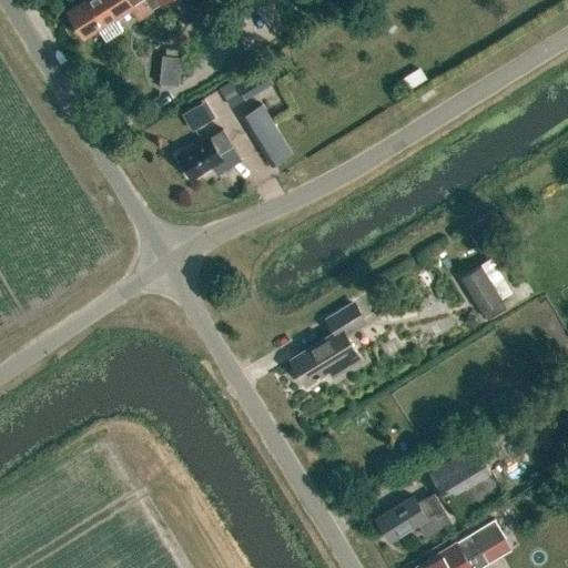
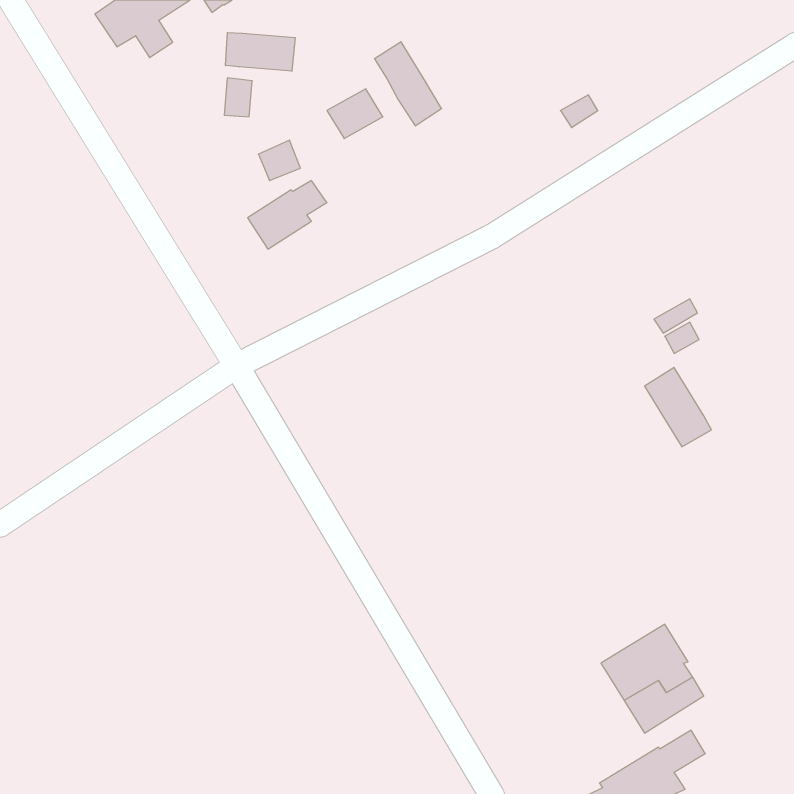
building: none -> [226,33,295,71]
building: [244,104,292,164] -> [375,42,442,126]
building: [292,304,365,385] -> none
building: [376,494,450,541] -> none

